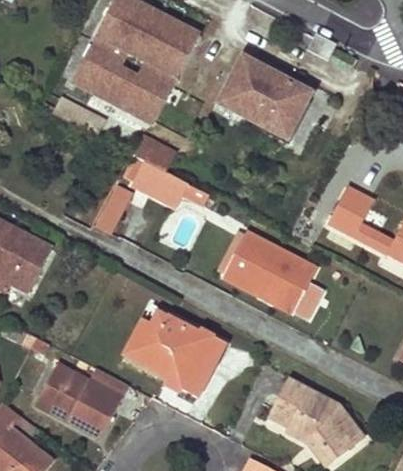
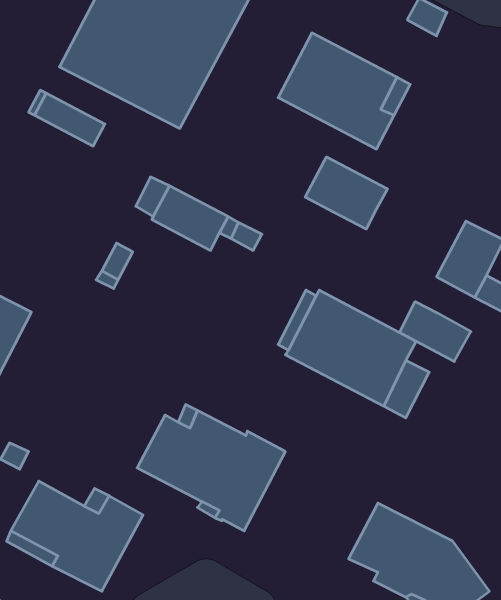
building: [134,136,176,172] -> none
building: none -> [305,157,387,229]
building: none -> [399,302,471,362]

